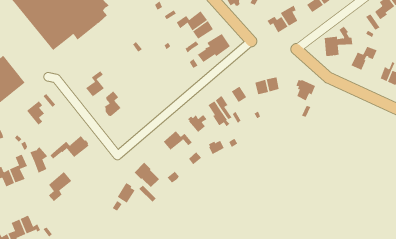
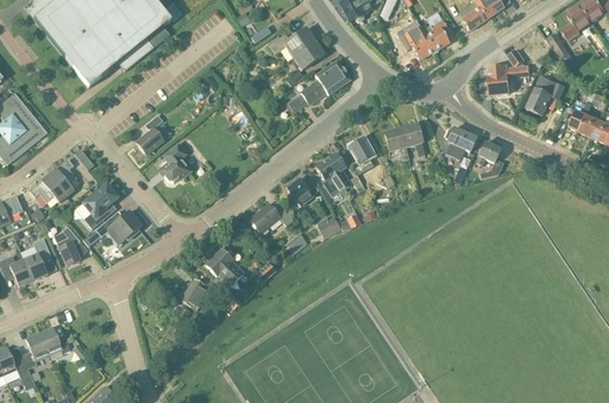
building: none -> [476,141,503,178]
building: none -> [30,174,67,202]
building: [48,171,72,202] -> [83,182,119,227]

